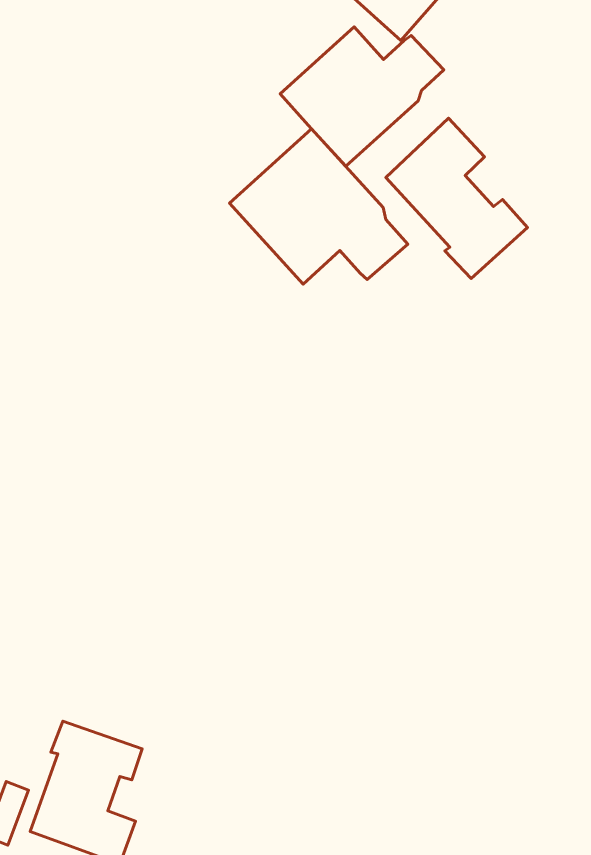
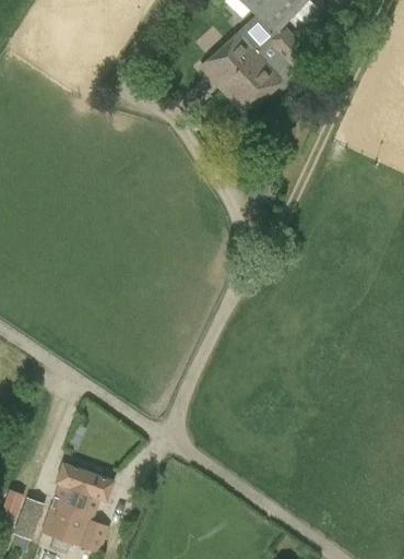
building: [386,118,527,279] -> none
building: [230,129,408,284] -> none

